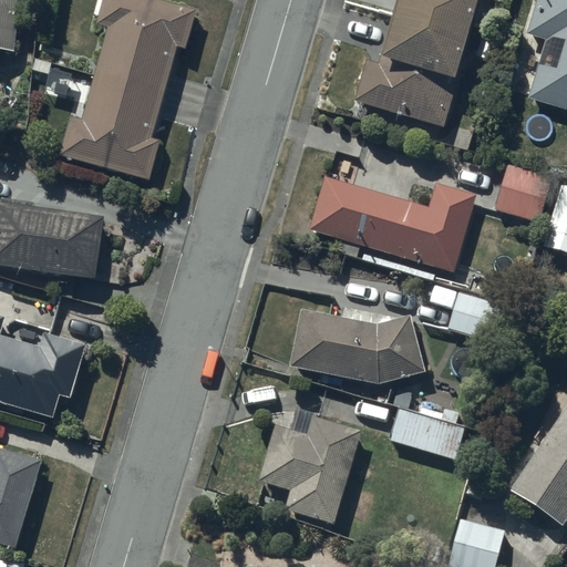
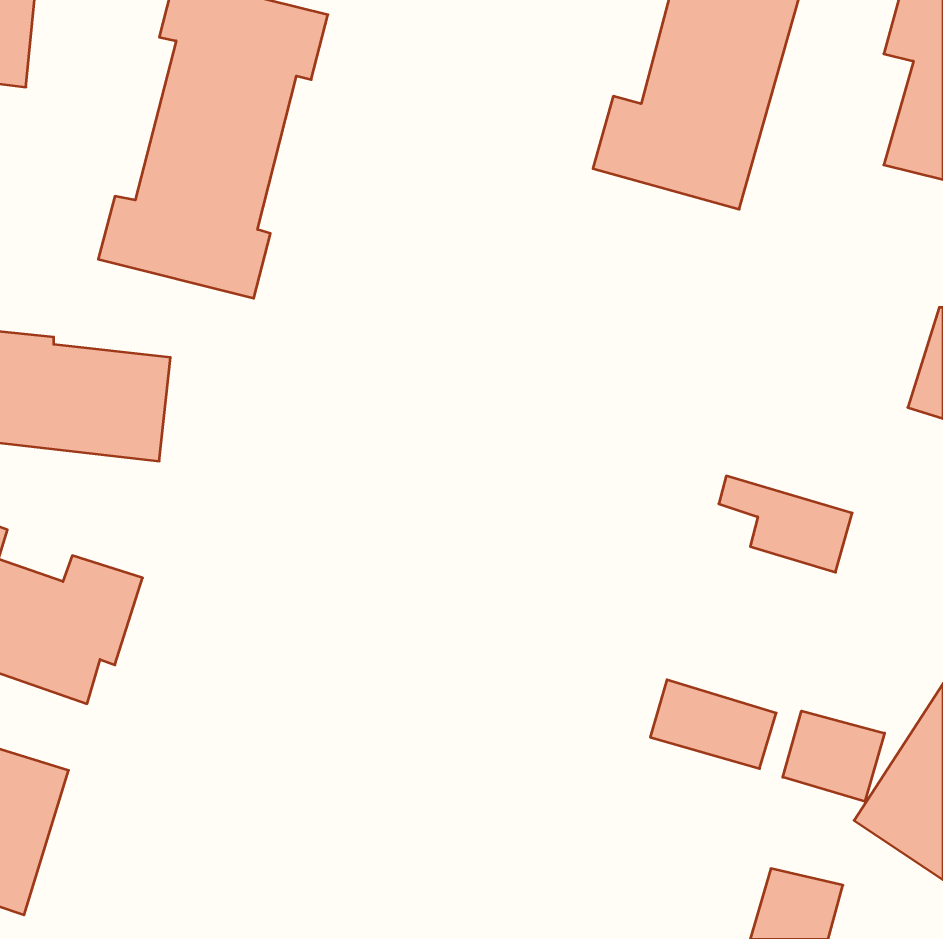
building: [495,164,551,221] -> none
building: [310,177,474,269] -> none
building: [291,310,426,383] -> none
building: [259,406,360,523] -> none
building: none -> [783,711,885,801]

